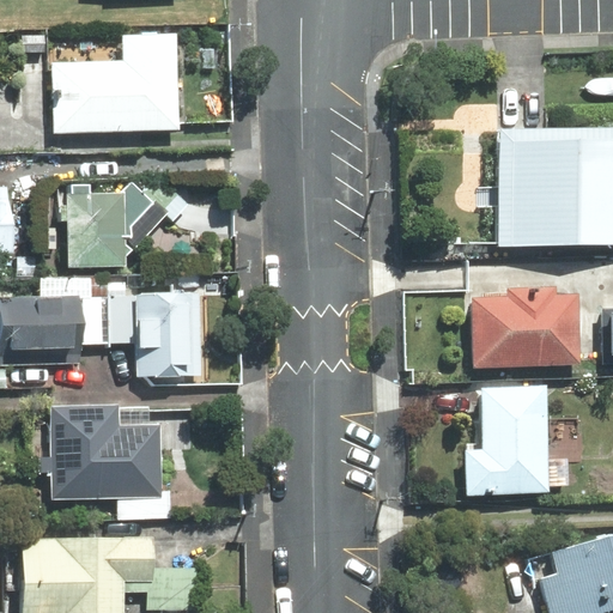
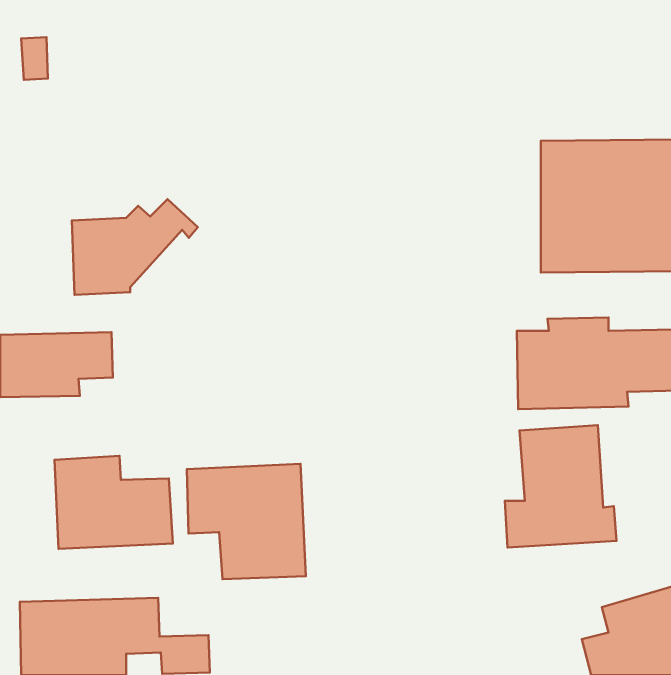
building: [55,40,178,132] -> none
building: [116,298,189,377] -> none
building: none -> [187,464,306,579]

